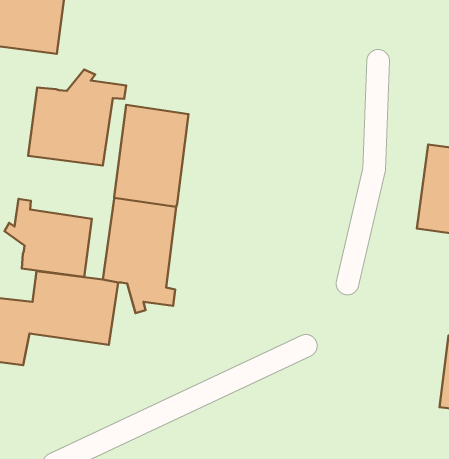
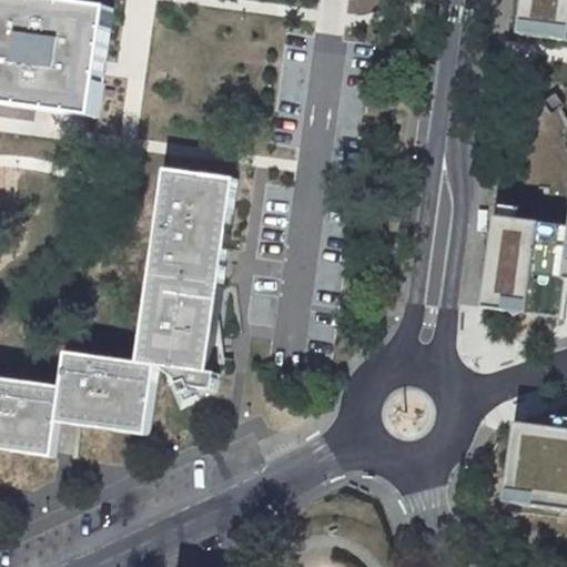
building: [28,69,126,165] -> none
building: [4,199,92,277] -> none

